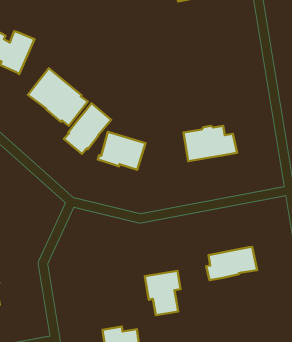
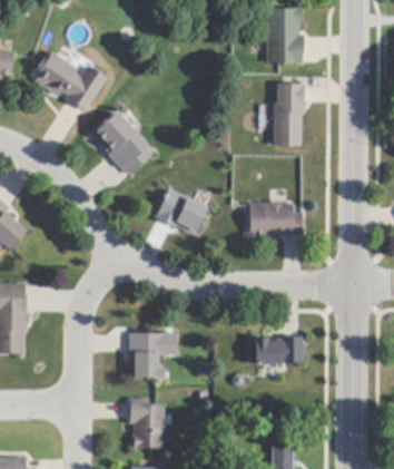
building: none -> [273,84,305,146]
building: [64,103,111,154] -> none
building: [145,271,181,315] -> [129,333,165,377]

